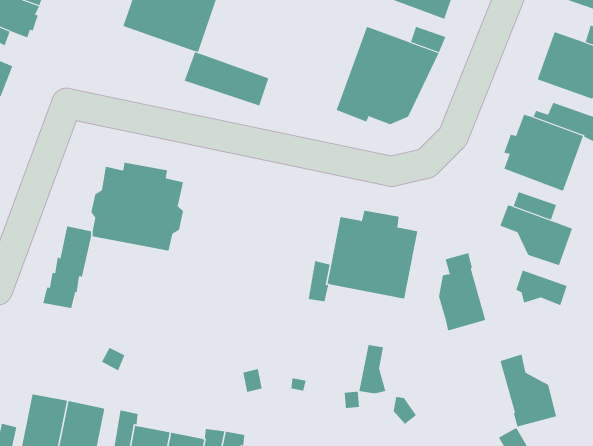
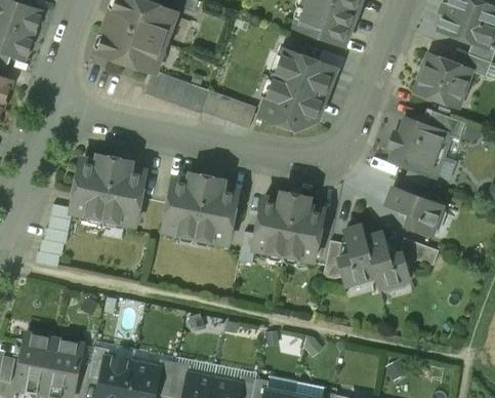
building: none -> [202,90,256,128]
building: none -> [164,173,236,243]
building: [358,344,386,394] -> [323,240,344,278]
building: [500,354,557,427] -> [365,232,409,288]

